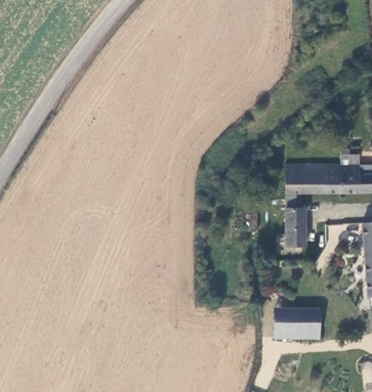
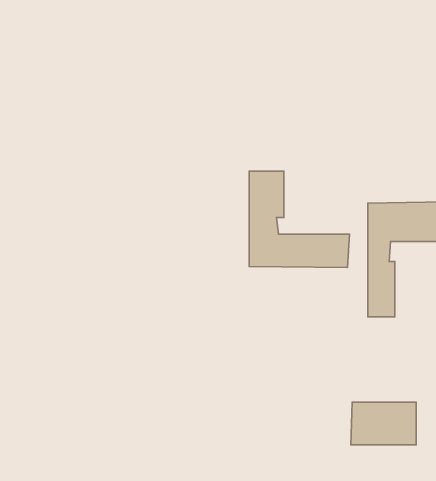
building: none -> [249,171,349,268]

